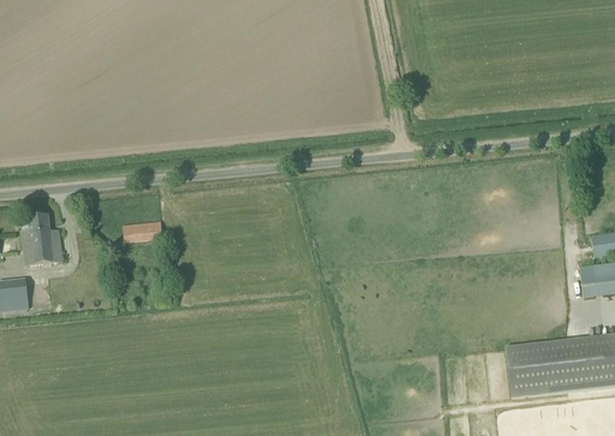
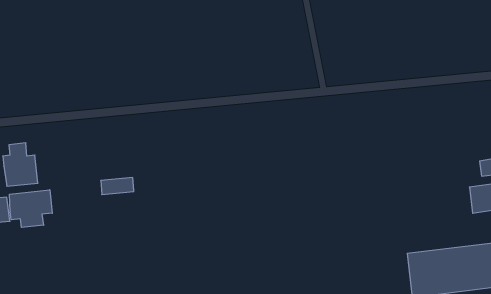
building: [123,222,162,243] -> [101,178,134,195]
building: none -> [10,190,52,227]

